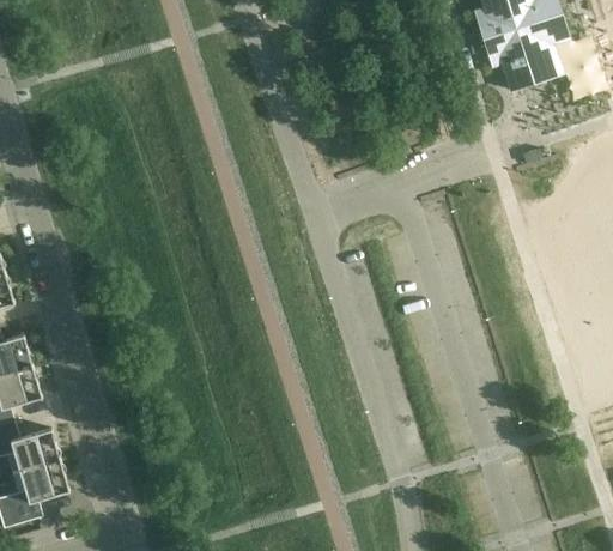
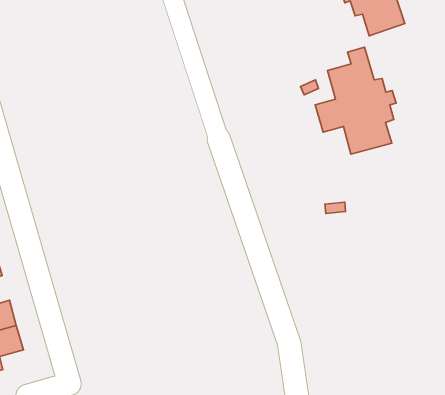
building: none -> [315,47,396,154]

